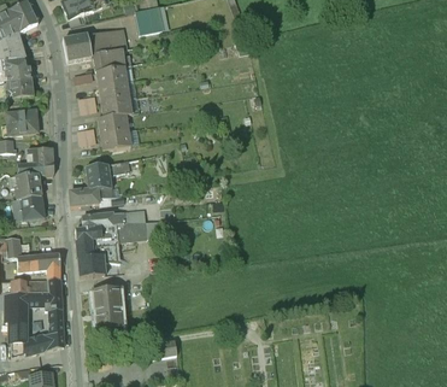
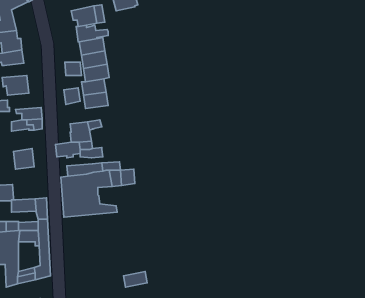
building: [63,34,92,60] -> none
building: [16,172,42,199] -> none
building: [93,287,123,334] -> none

